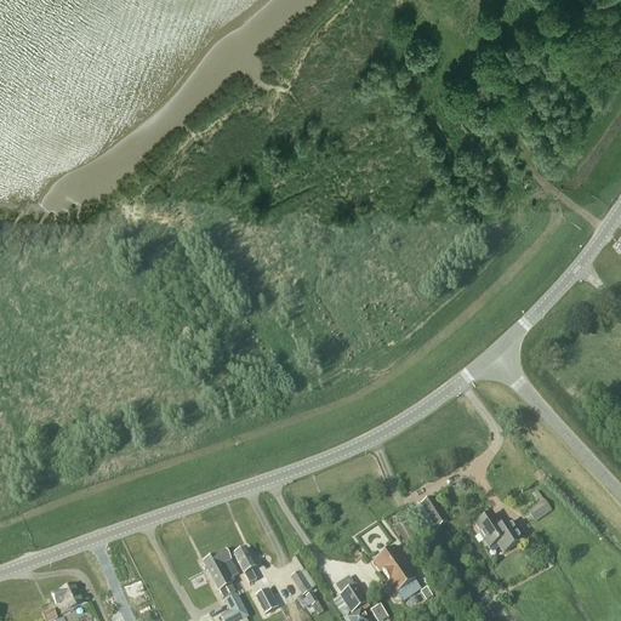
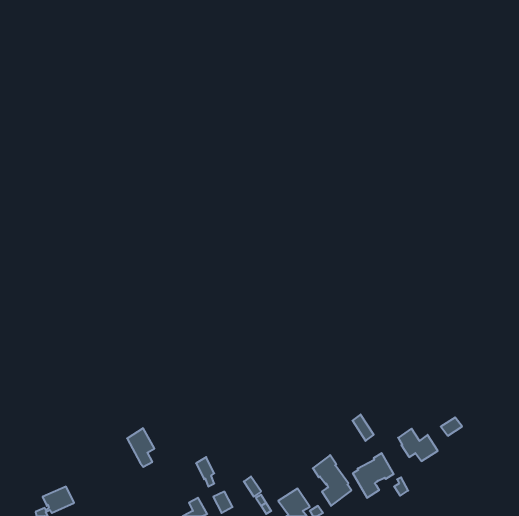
building: none -> [353,453,394,498]
building: [204,548,237,594] -> [127,428,154,467]

